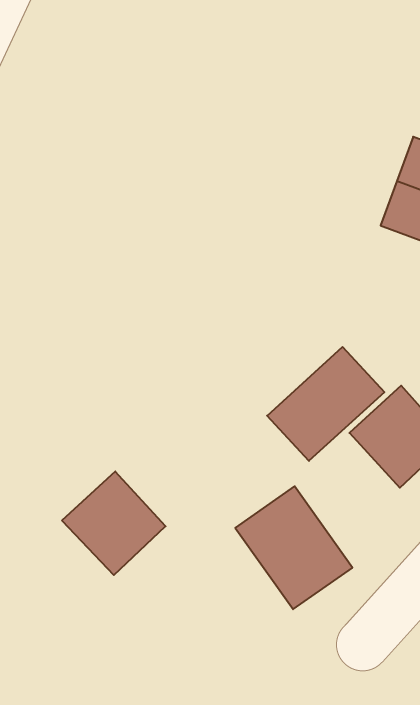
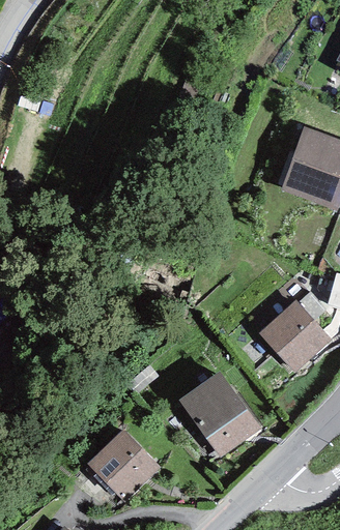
building: [267,347,384,461] -> none
building: [62,471,166,575] -> [87,429,160,501]

